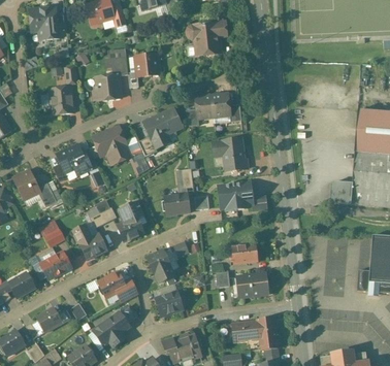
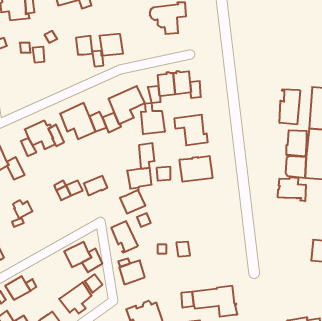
building: [91,75,120,100] -> none
building: [50,87,73,114] -> none
building: none -> [280,89,300,124]
building: none -> [141,103,165,134]
building: none -> [286,130,307,157]
building: none -> [278,177,306,201]
building: [117,217,143,241] -> [120,190,145,213]
building: [73,229,106,260] -> none
building: [231,243,257,264] -> none
building: [39,252,71,279] -> none
building: [238,273,266,297] -> none

